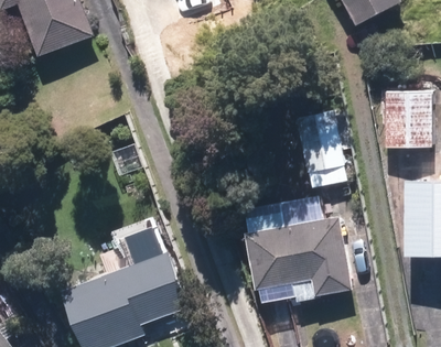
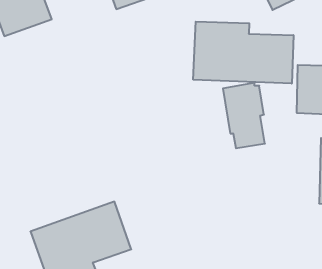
building: none -> [193,22,293,84]
building: [248,210,346,299] -> none

